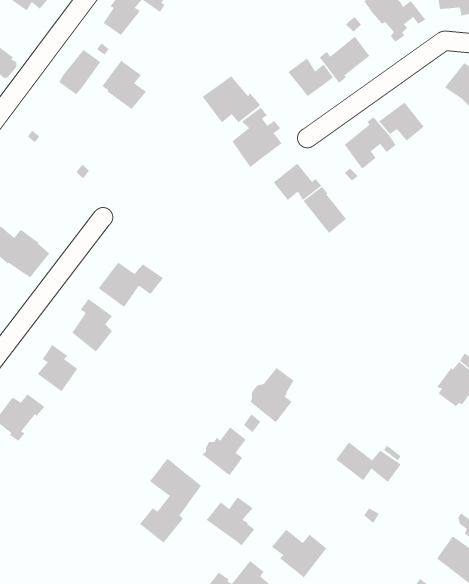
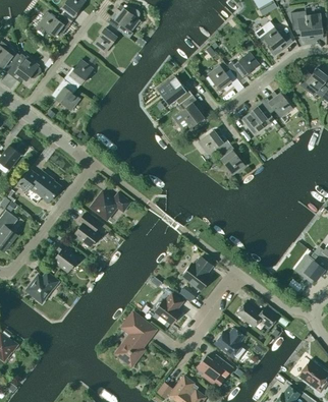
building: [101,59,147,110] -> [51,78,79,110]
building: [206,497,255,546] -> [214,329,244,359]

